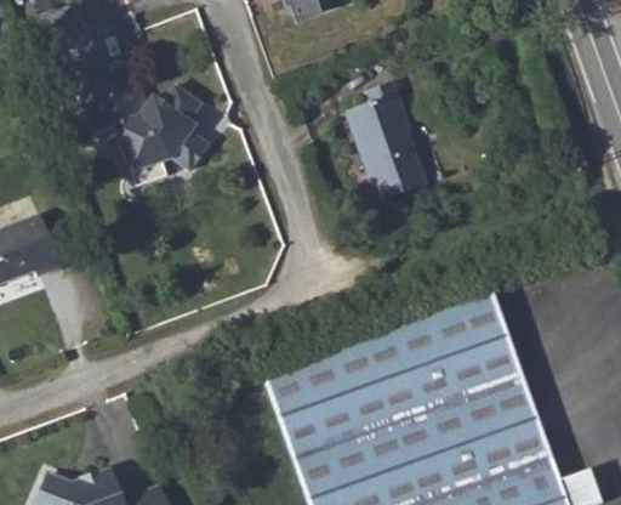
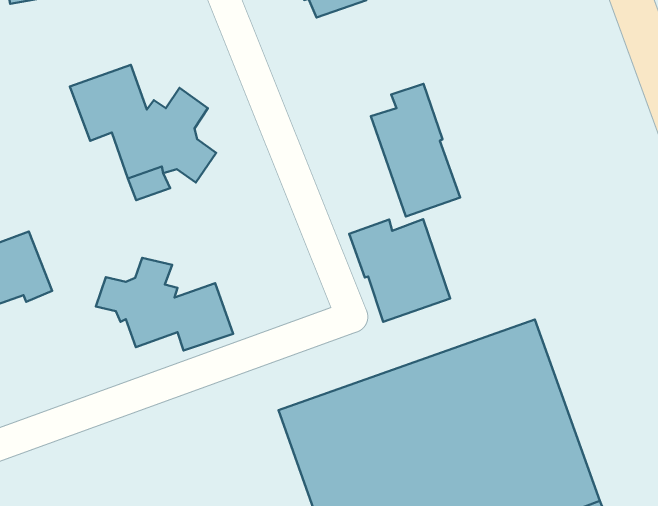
building: none -> [349,219,450,322]
building: none -> [96,258,233,350]

